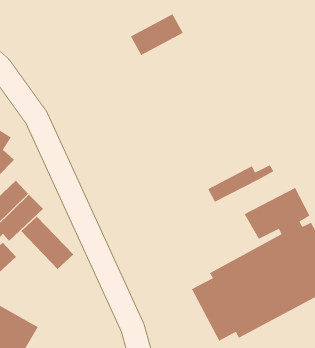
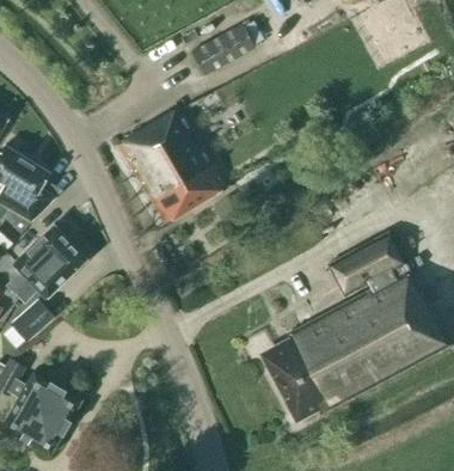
building: none -> [117,108,226,222]
building: [207,164,275,203] -> none
building: [20,216,74,270] -> none

